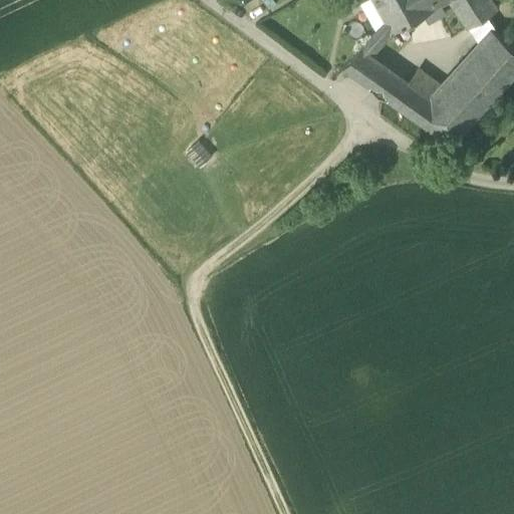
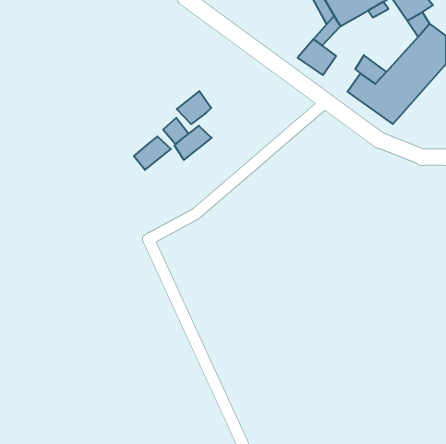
building: [371,64,415,105] -> none
building: none -> [177,91,211,124]
building: none -> [174,126,212,160]
building: none -> [134,136,171,170]

